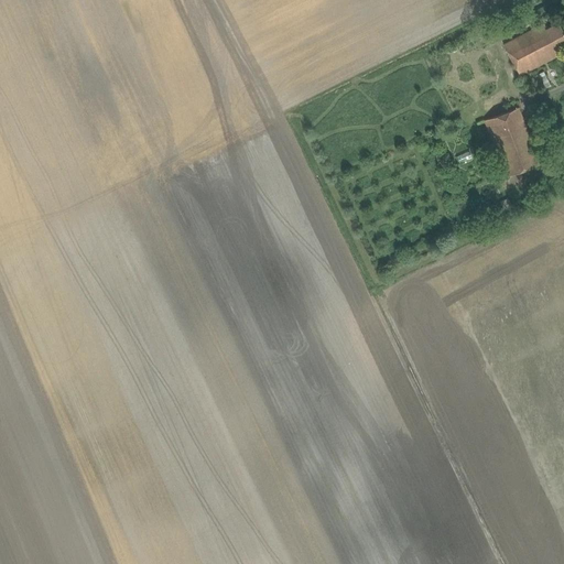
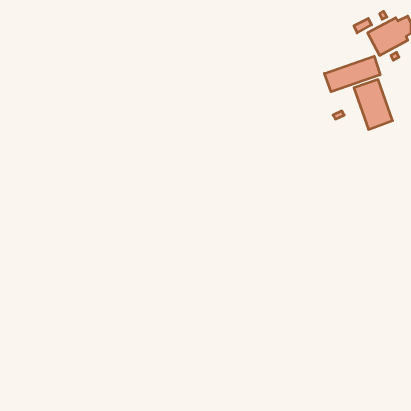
building: none -> [324,56,380,92]

